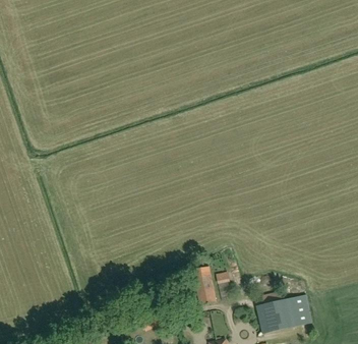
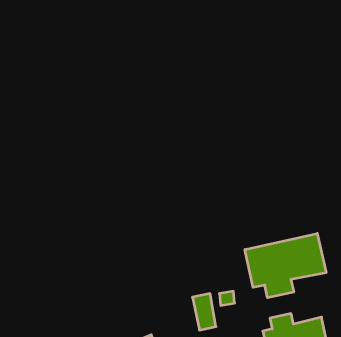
building: none -> [245,233,326,298]

